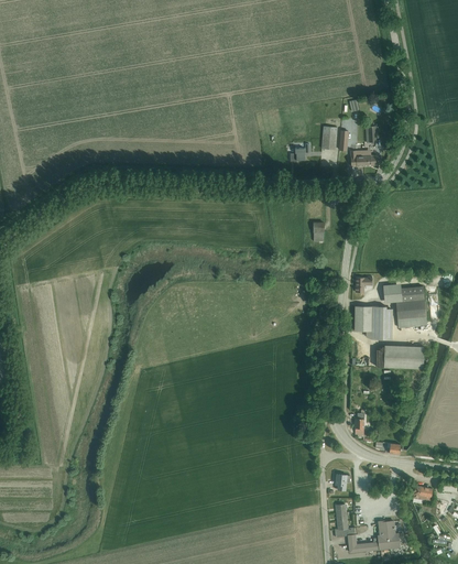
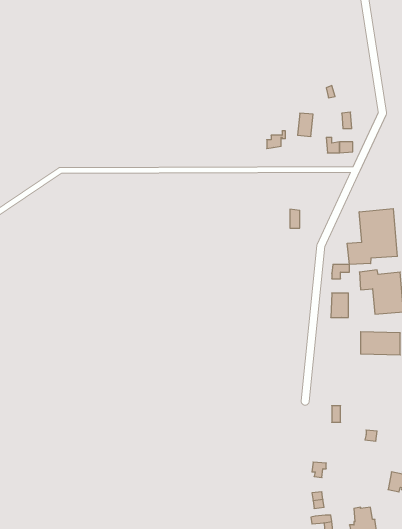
building: none -> [347,209,397,264]
building: [364,306,392,339] -> none

